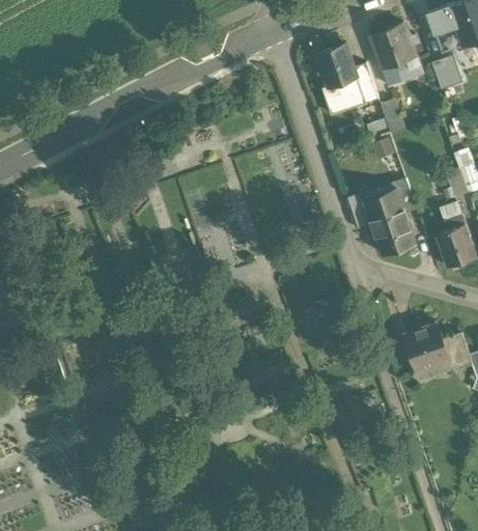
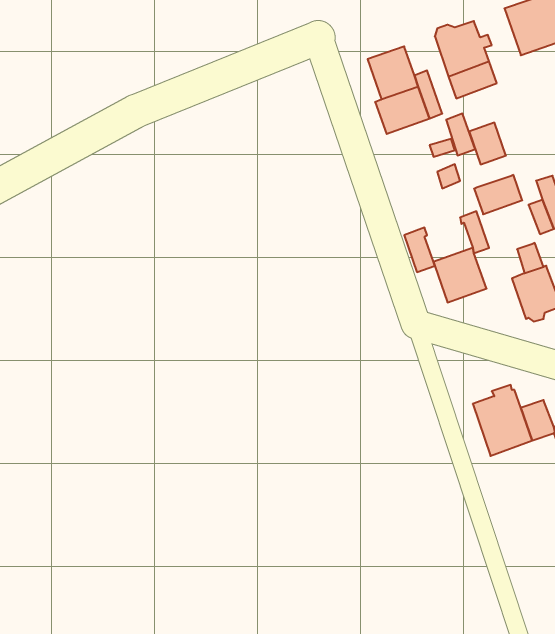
building: [433,54,463,88] -> [469,123,506,164]
building: [364,187,403,219] -> [474,175,522,214]

